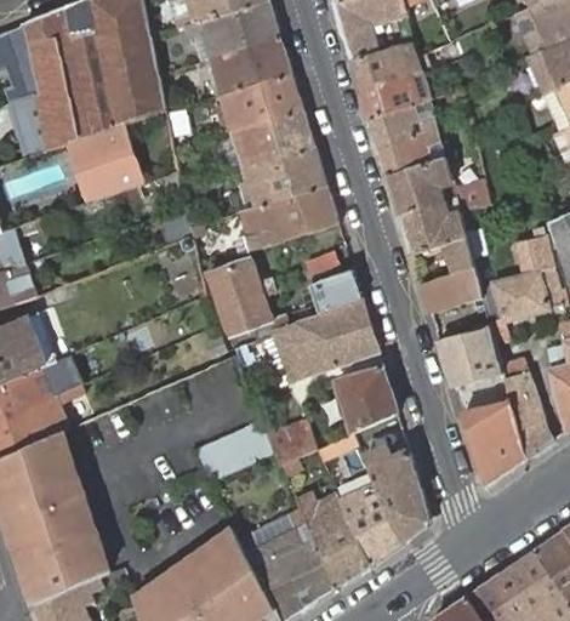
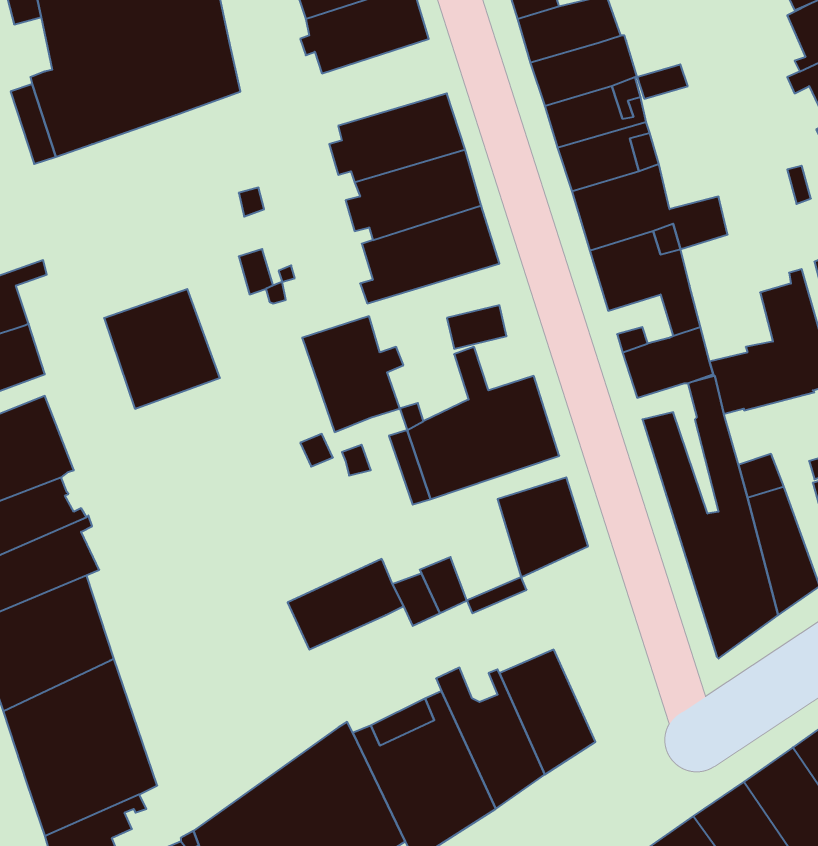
building: [213,73,303,131] -> none
building: [65,124,143,204] -> [104,289,220,409]
building: [364,445,429,543] -> none

